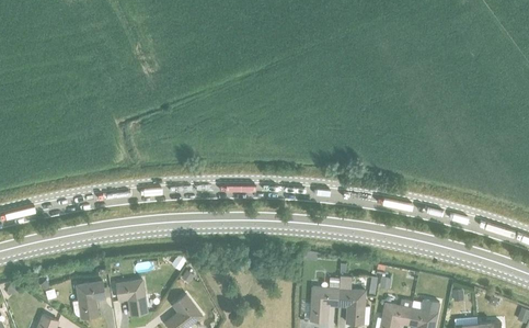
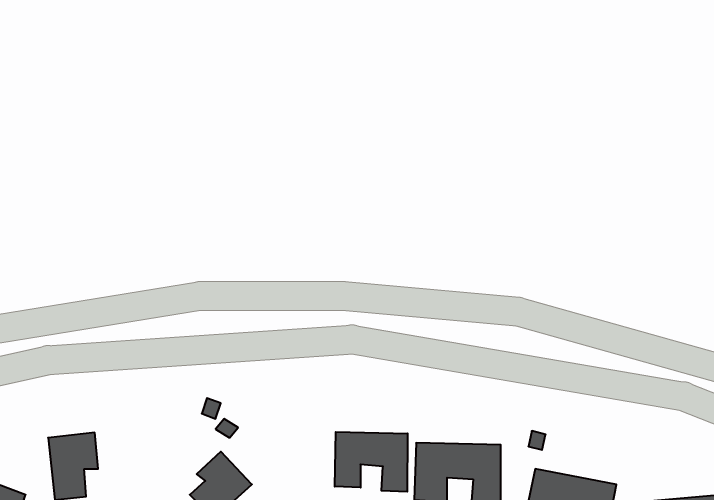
building: [115,278,145,316] -> none
building: none -> [335,432,408,492]

